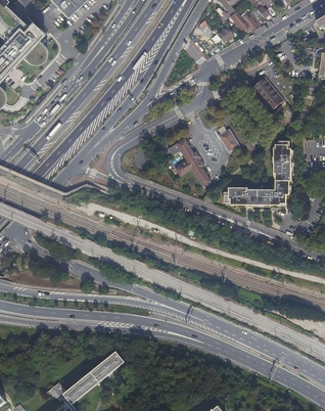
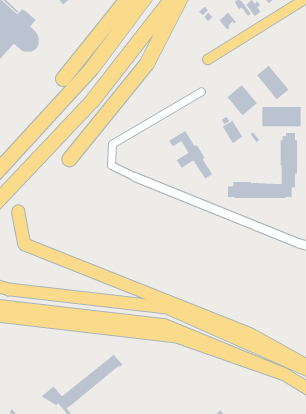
building: none -> [226,84,258,116]
building: none -> [262,106,301,127]

